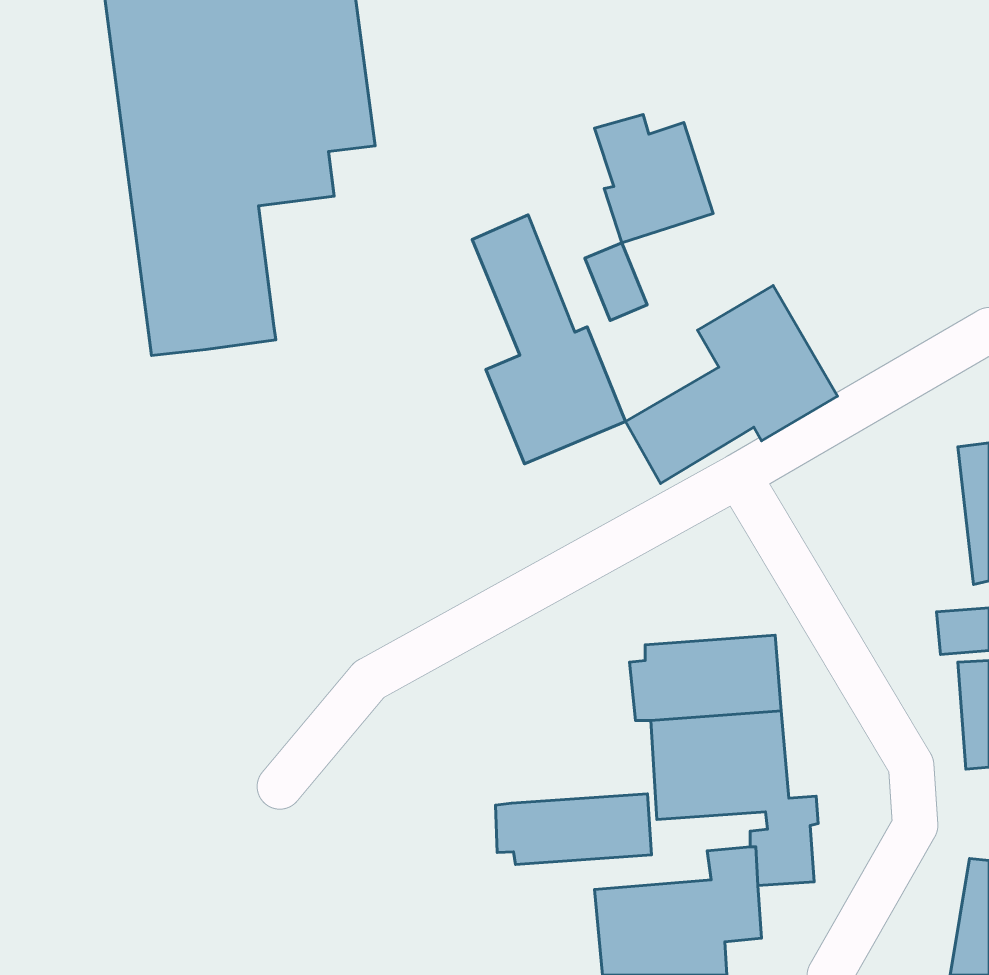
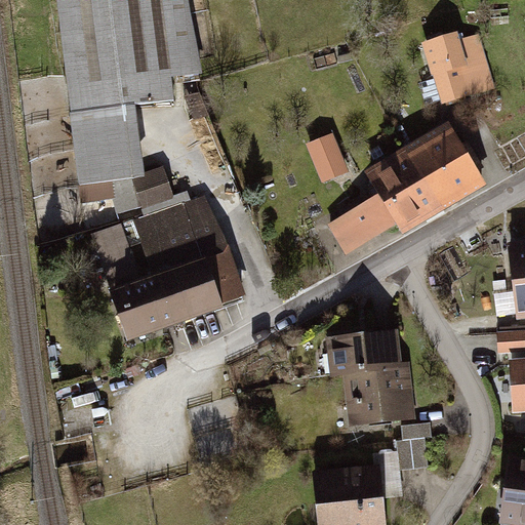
building: [595,115,713,243] -> [429,26,491,93]
building: [472,215,626,464] -> none
building: none -> [408,126,484,209]
building: none -> [91,167,244,344]
building: [495,794,652,864] -> none

